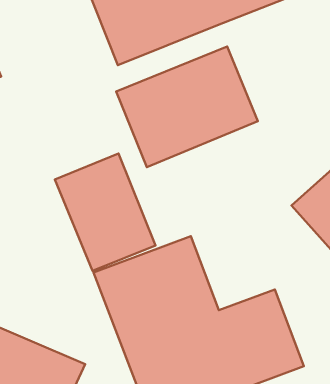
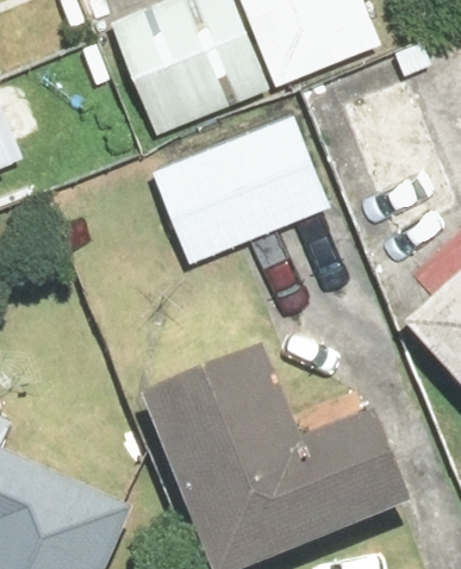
building: [55,153,156,271] -> none

